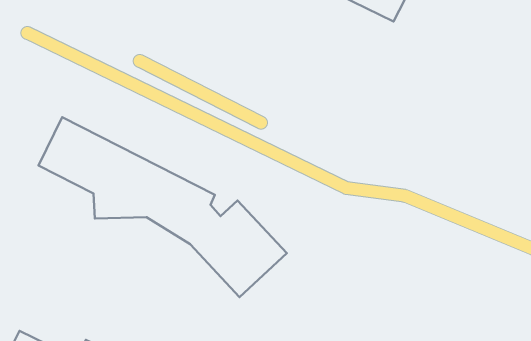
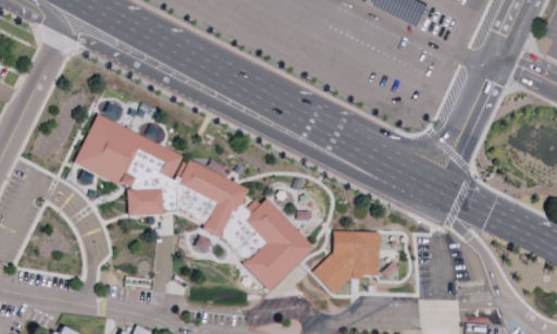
building: none -> [313,231,382,295]

